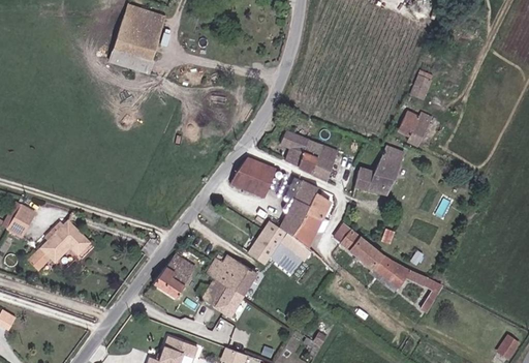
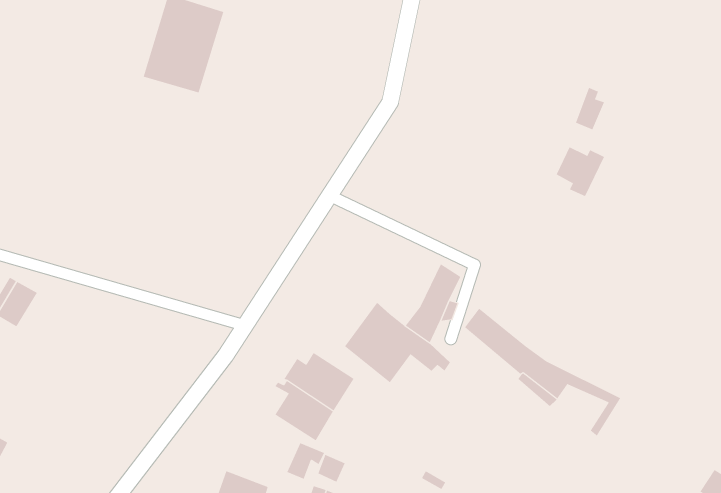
building: [281,131,338,181] -> none
building: [354,147,404,194] -> none
building: [230,157,277,198] -> none
building: [282,180,318,236] -> none
building: [29,221,91,270] -> none
building: [154,254,196,298] -> none

